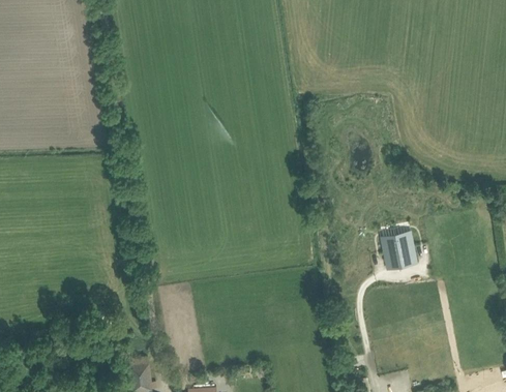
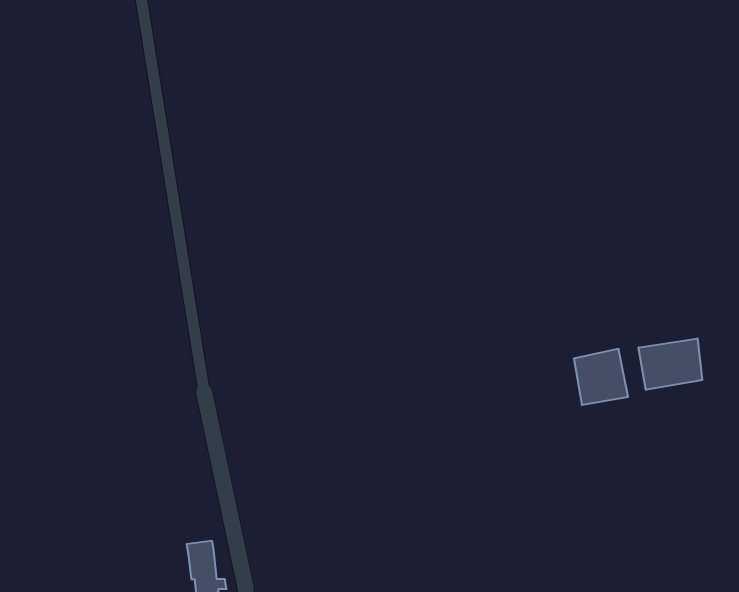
building: none -> [639,338,702,390]

